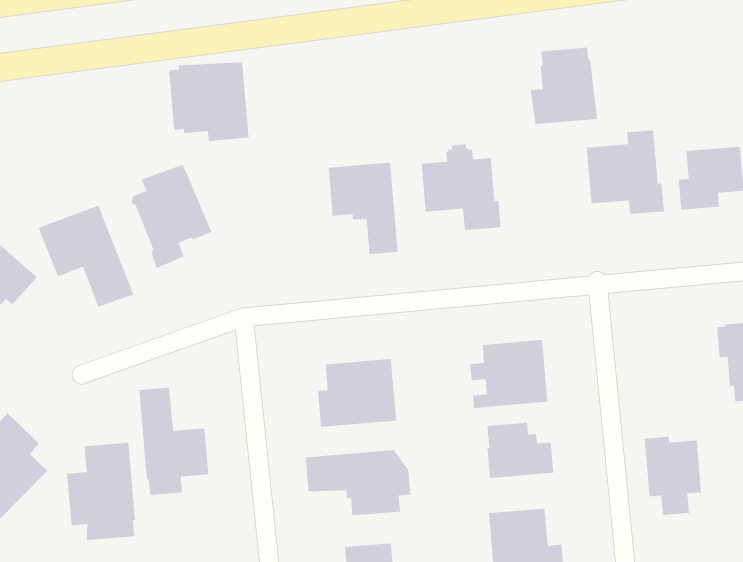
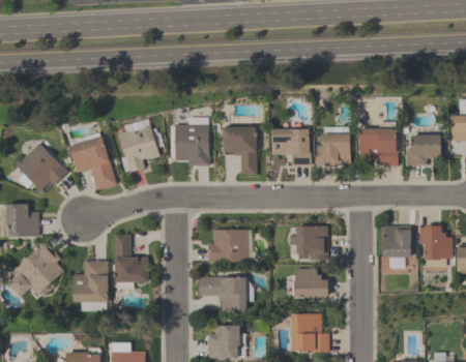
building: [530,47,598,125] -> [317,126,351,164]
building: [168,61,249,142] -> [171,123,210,164]
building: [644,436,702,516] -> [383,225,411,267]

